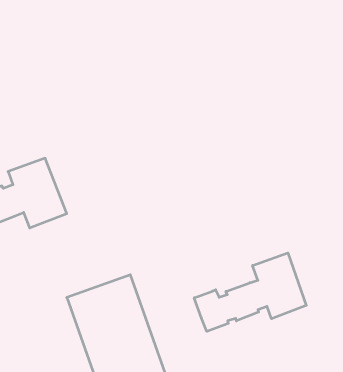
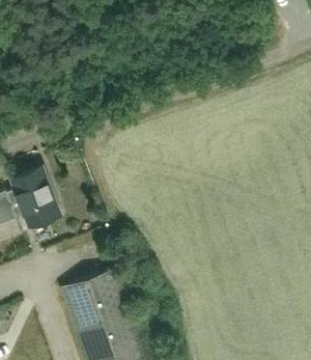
building: [194,253,306,331] -> none

